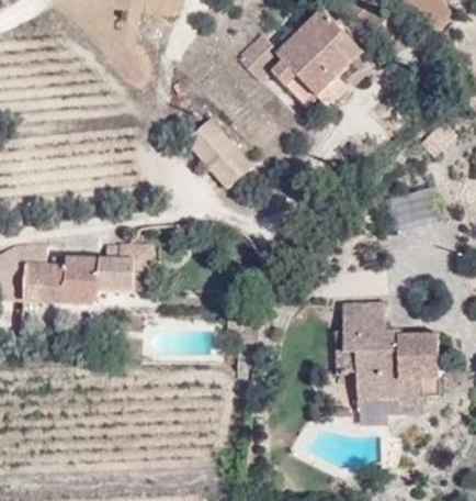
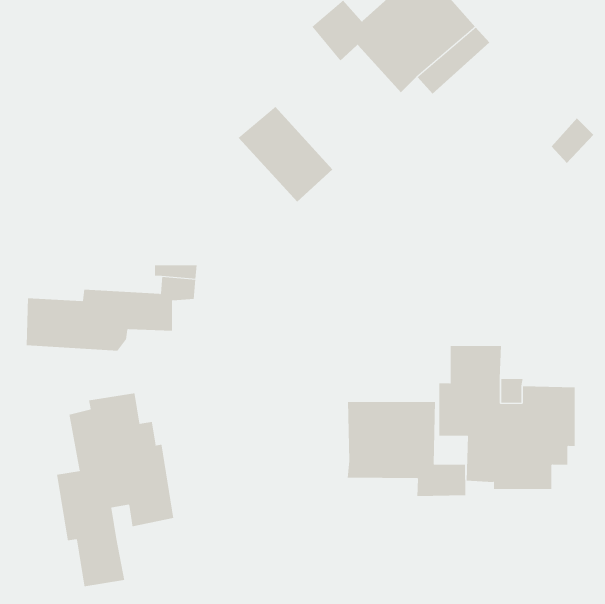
building: none -> [57,392,174,587]
building: none -> [347,401,466,497]

